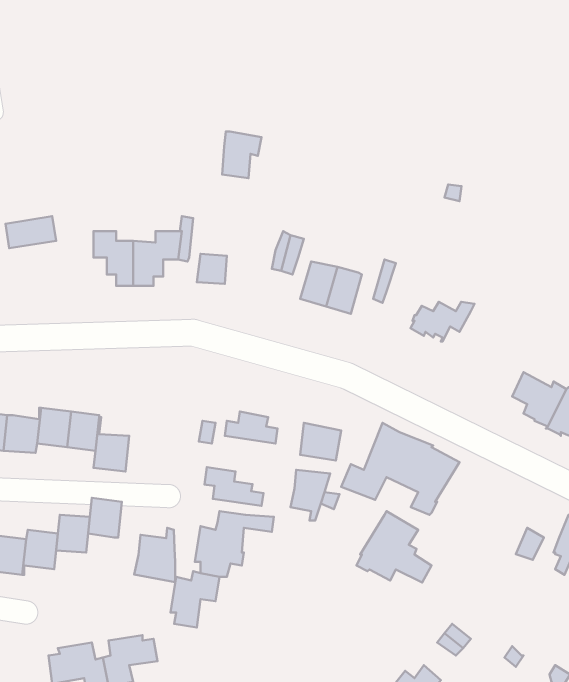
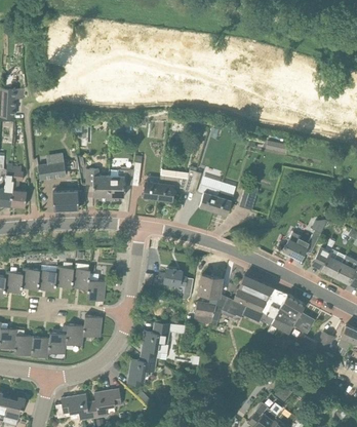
building: [222,131,262,178] -> [158,174,180,200]
building: none -> [53,191,85,209]
building: [411,302,474,341] -> [283,237,318,259]
building: [204,467,264,506] -> none
building: [356,511,431,583] -> [271,294,312,333]
building: [134,528,175,582] -> none

